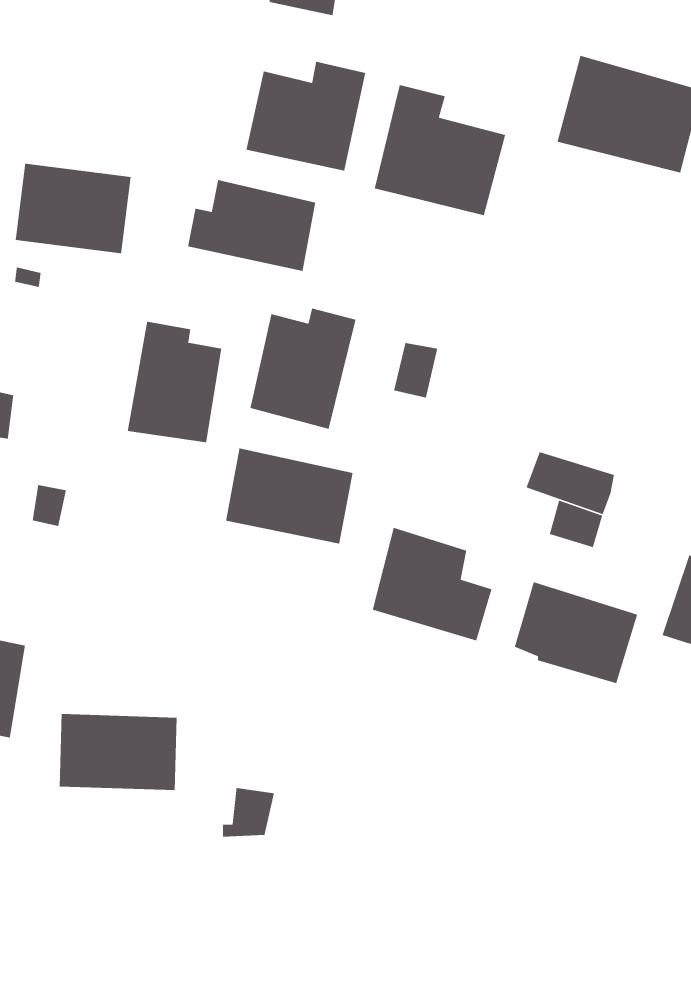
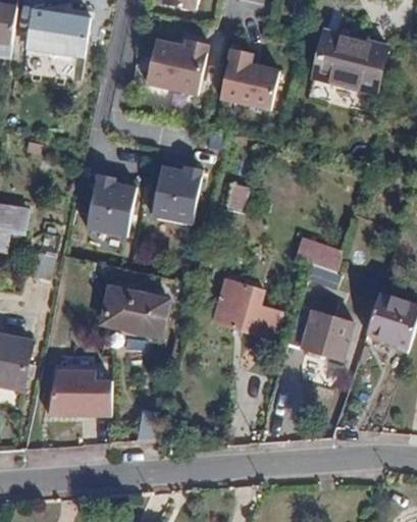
building: [15,163,131,254] -> [27,8,88,56]
building: [187,179,316,272] -> none
building: [225,447,353,544] -> [102,285,169,336]

